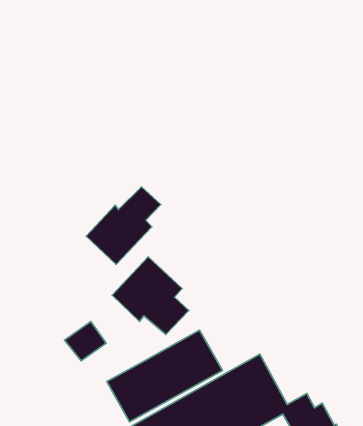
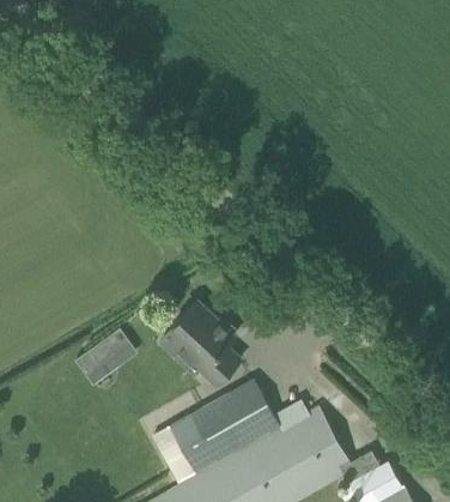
building: [86,187,161,265] -> none
building: [65,321,106,361] -> [91,329,136,373]

